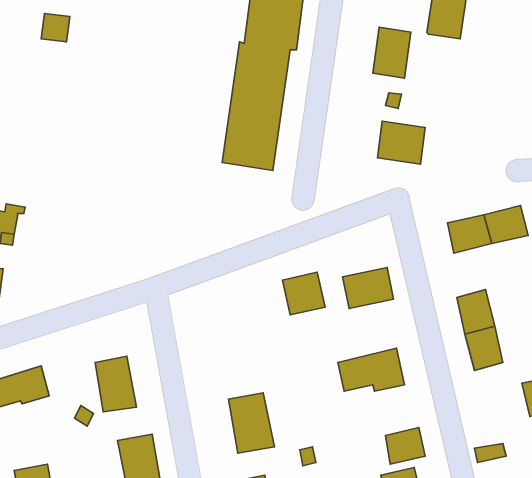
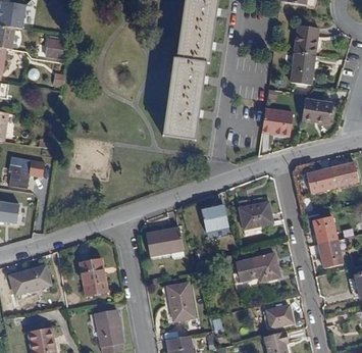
building: [373,27,411,78] -> [291,52,315,85]
building: none -> [302,99,332,123]
building: none -> [146,228,184,256]

